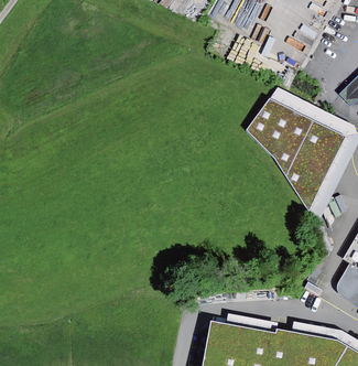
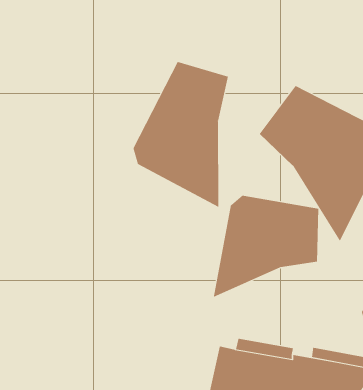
building: none -> [133,61,228,208]
building: none -> [213,195,319,298]

